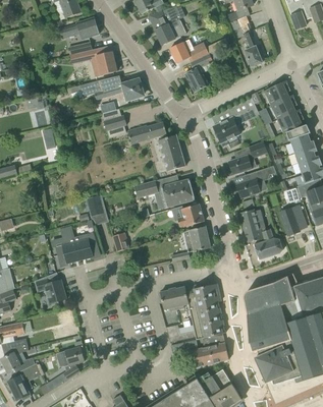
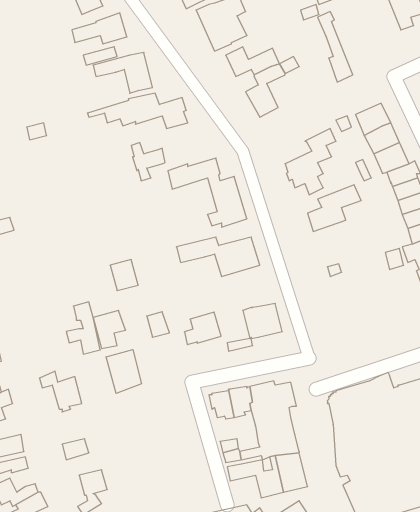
building: [236,166,276,198] -> none
building: [177,204,204,227] -> [184,312,221,345]
building: [280,206,306,235] -> none
building: [239,210,284,260] -> none
building: none -> [106,350,141,393]

